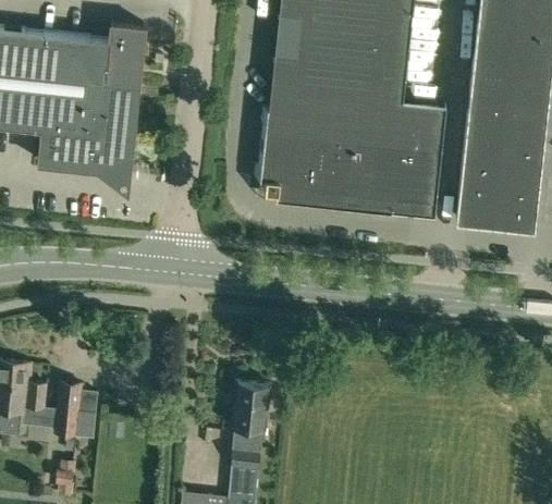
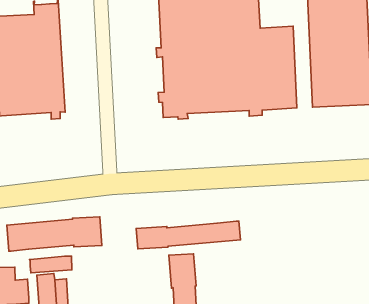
building: none -> [7,217,102,251]
building: none -> [136,221,241,249]
building: none -> [30,256,72,273]

